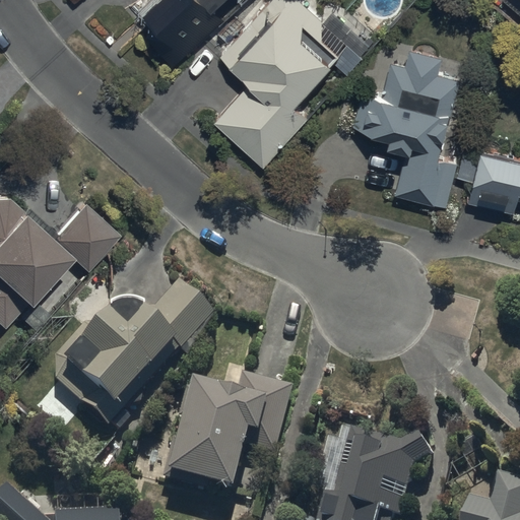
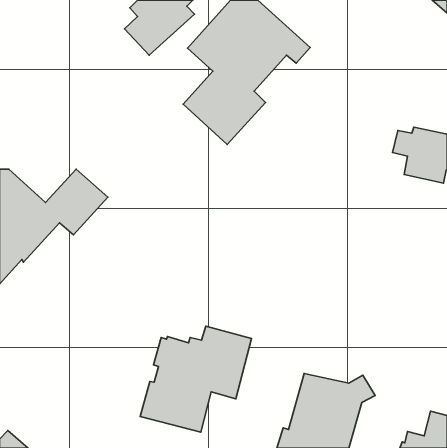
building: [352,48,458,203] -> none
building: [31,283,212,439] -> none

